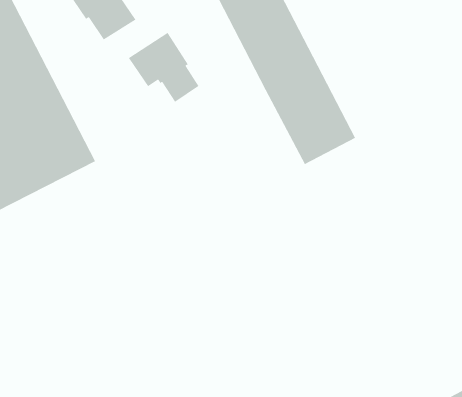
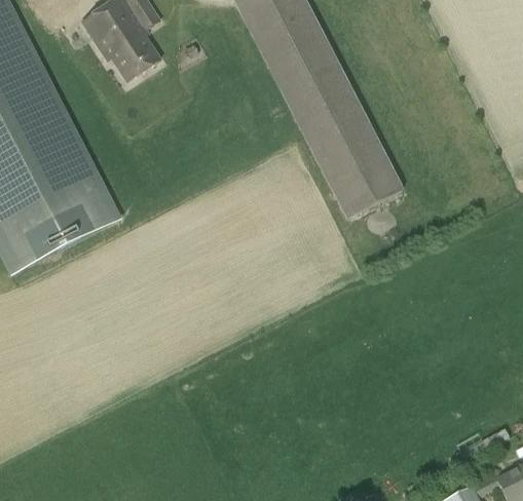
building: [128,32,200,103] -> none

